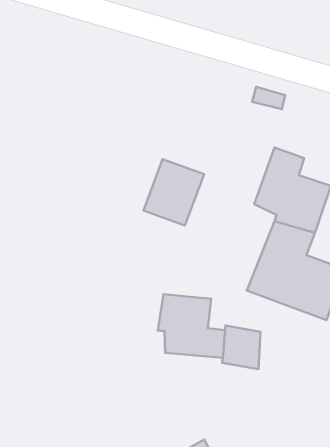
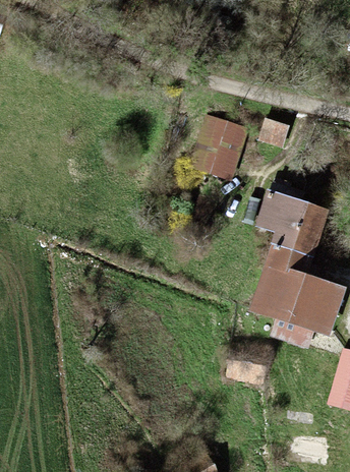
building: [143,159,204,225] -> [185,108,243,171]
building: [158,294,225,358] -> none

